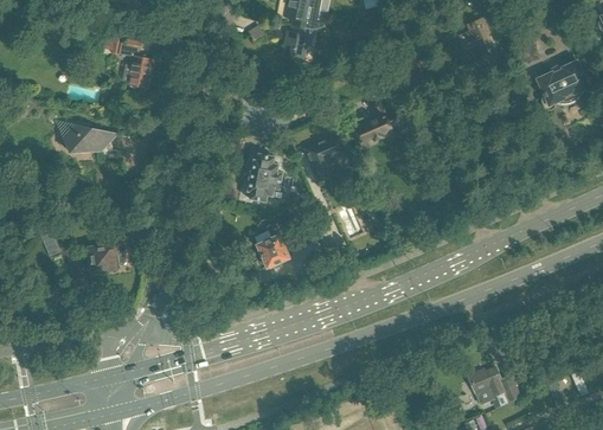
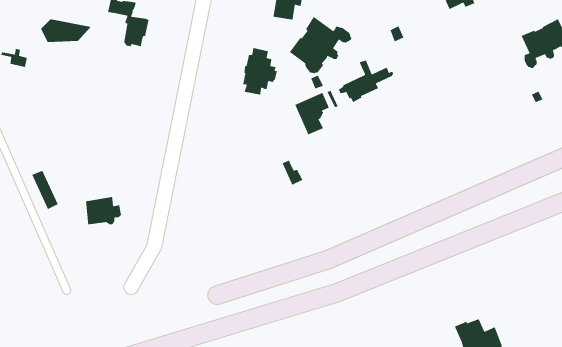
building: none -> [289,16,352,74]
building: [64,126,117,150] -> [40,19,92,43]
building: [248,152,284,201] -> [242,47,278,95]
building: [250,223,289,268] -> none

